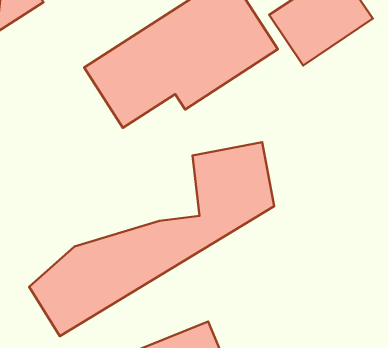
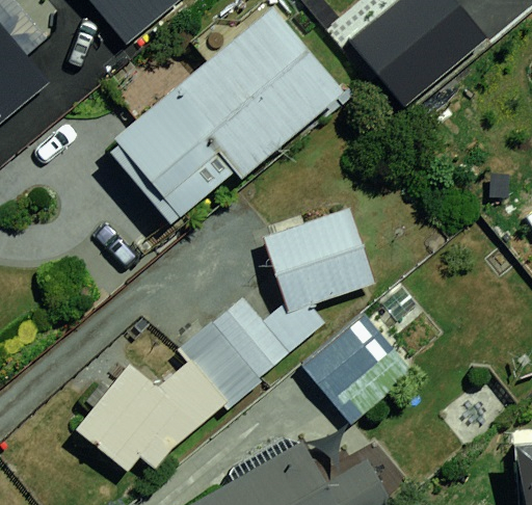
building: none -> [317,316,407,405]

